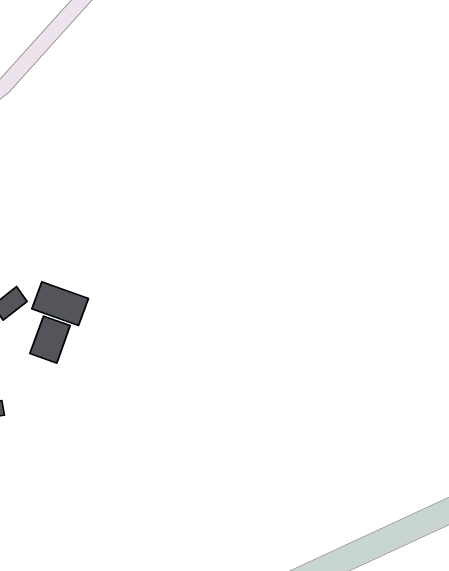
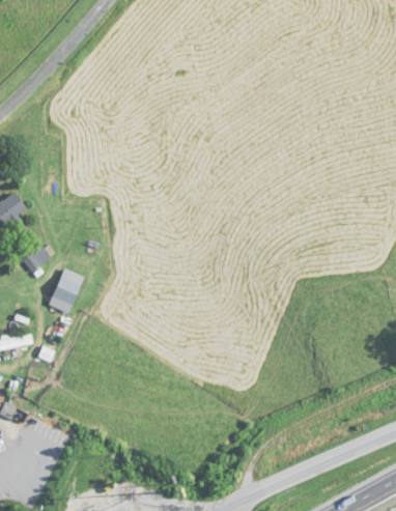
building: [32,282,89,325] -> none

